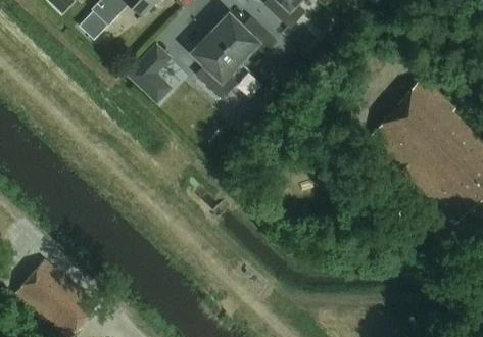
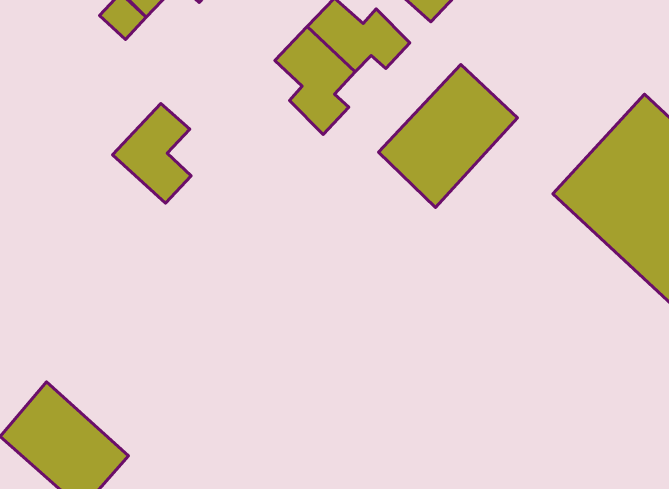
building: [130,39,180,102] -> [113,103,191,203]
building: none -> [378,64,518,207]

